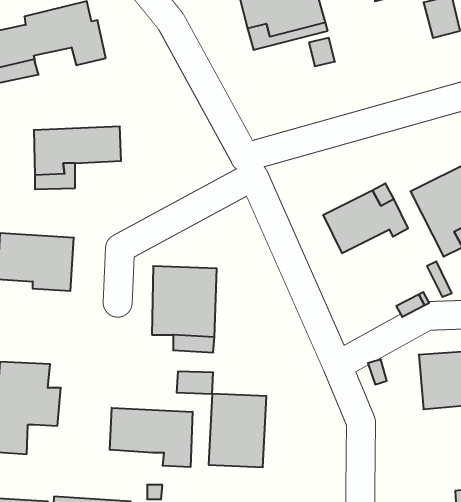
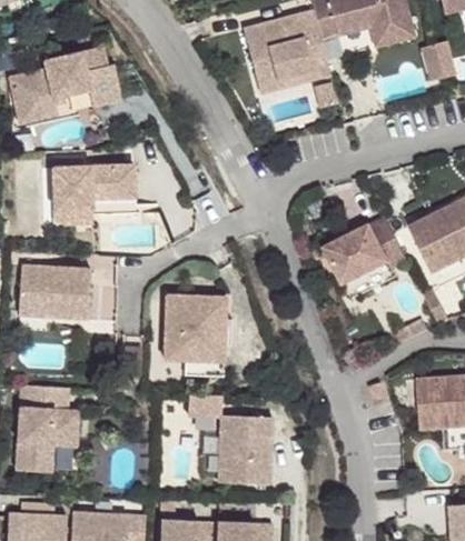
building: none -> [91,271,113,325]
building: [110,408,193,467] -> none

